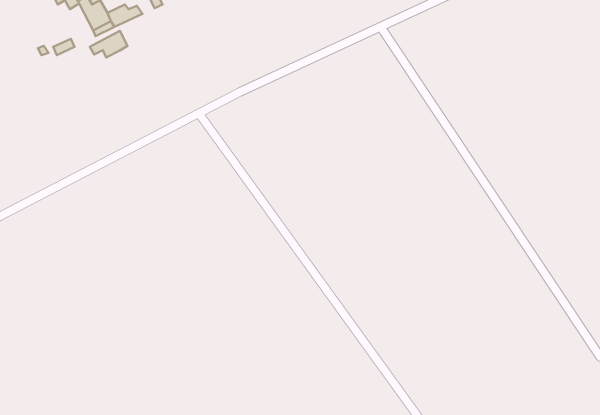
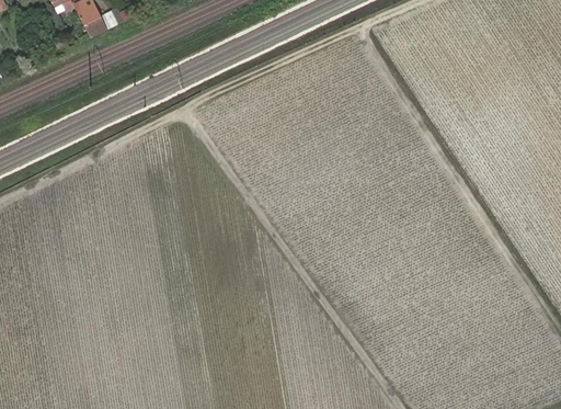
building: [90,31,128,57] -> none

